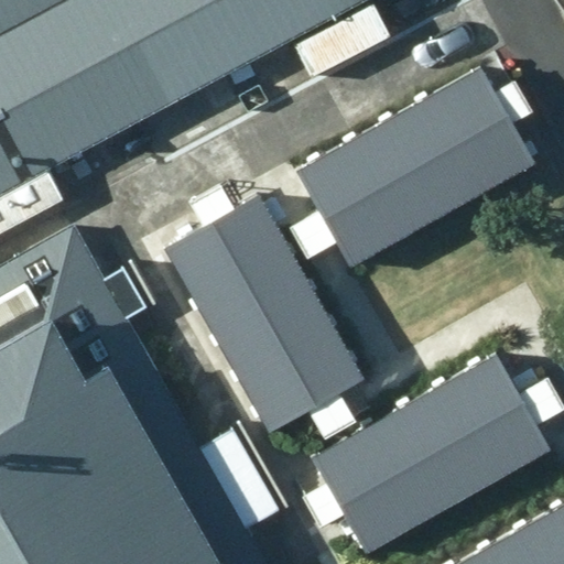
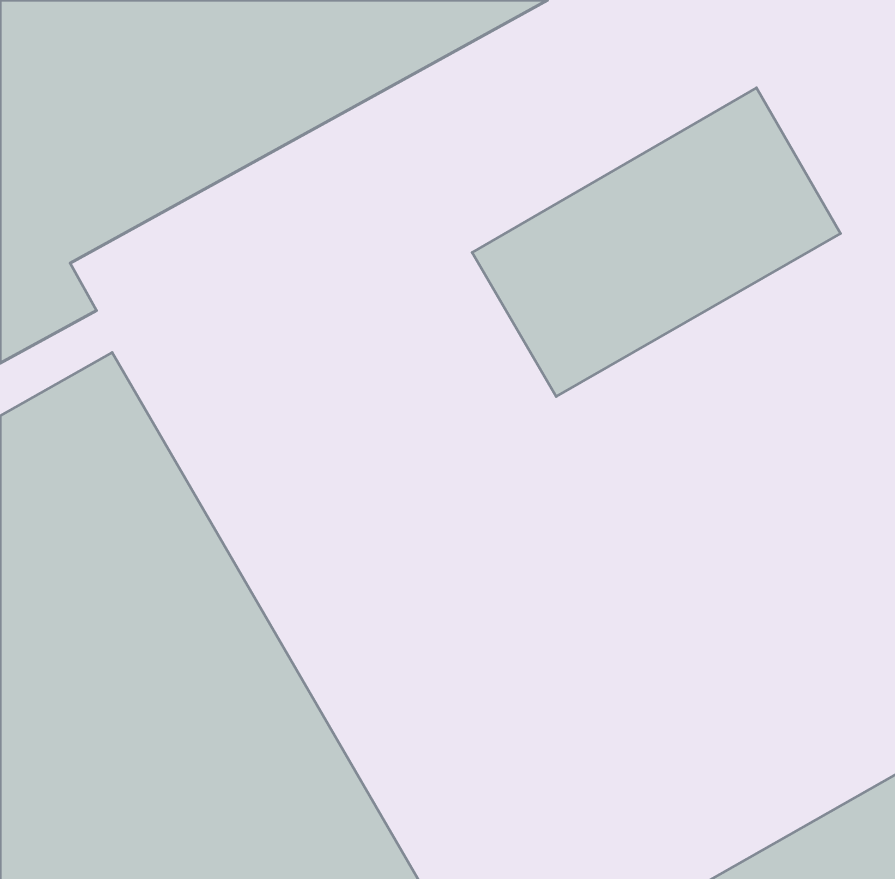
building: [164,196,358,427] -> none
building: [314,356,545,549] -> none

